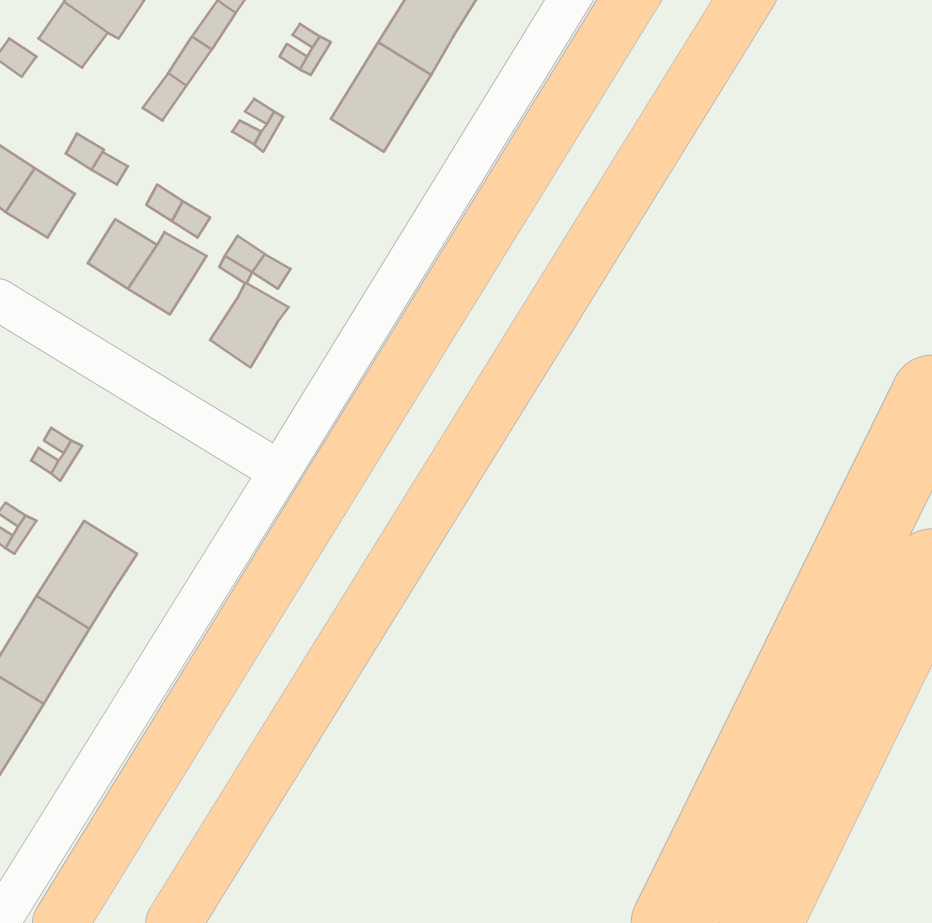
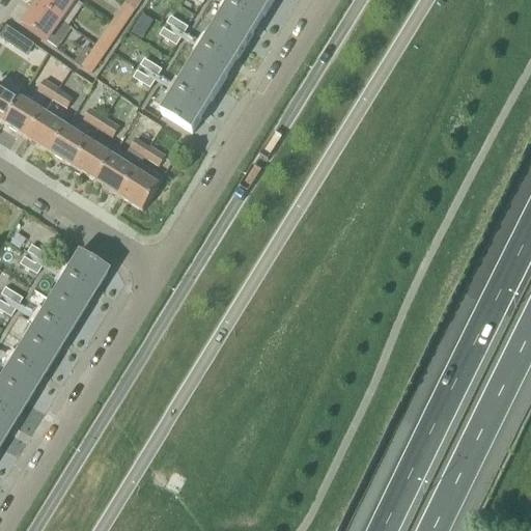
building: none -> [162,67,218,129]
building: none -> [27,110,65,149]
building: none -> [96,153,135,193]
building: none -> [48,253,104,314]

